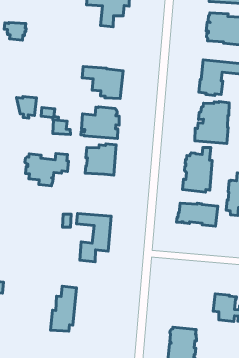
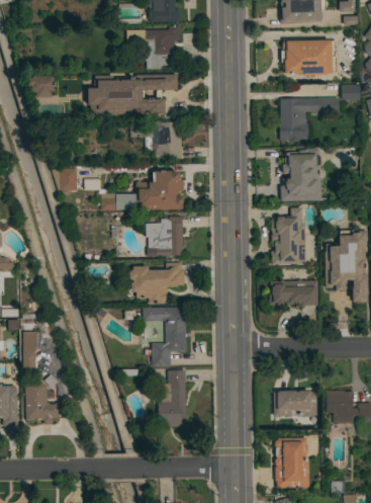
building: none -> [87,74,178,115]
building: [25,153,69,186] -> [129,262,184,304]
building: [50,286,77,331] -> [159,370,186,427]
building: none -> [275,391,317,417]

